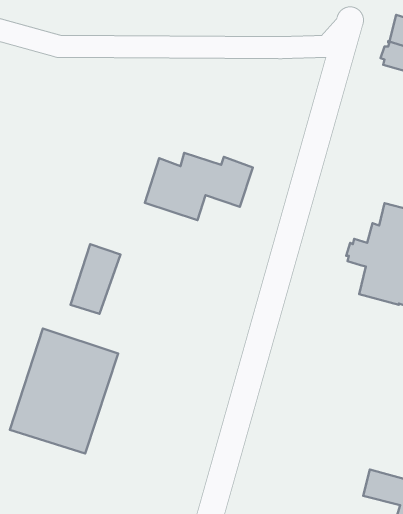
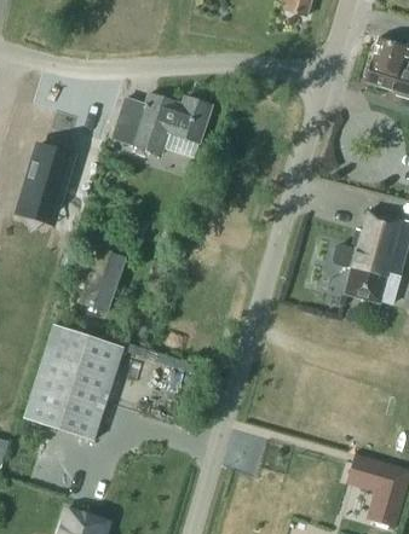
building: none -> [21,146,73,213]
building: [145,153,253,220] -> [111,93,211,155]

